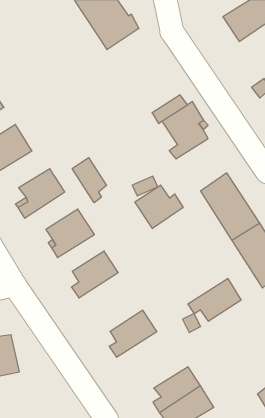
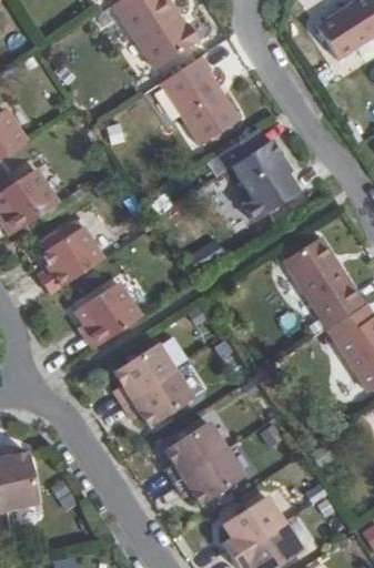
building: none -> [160,53,242,146]
building: [72,158,106,203] -> none
building: [135,185,183,229] -> none
building: none -> [120,369,191,425]
building: [188,279,241,321] -> [171,449,243,507]

